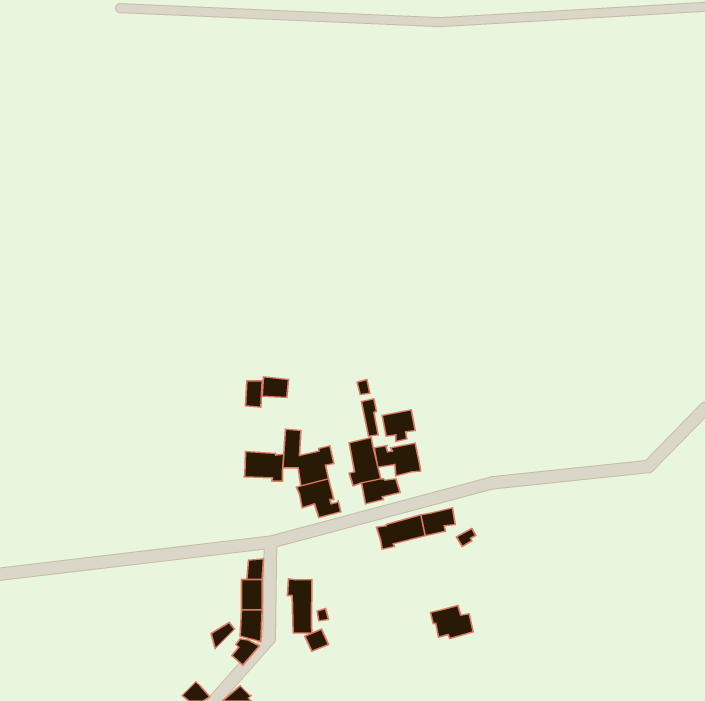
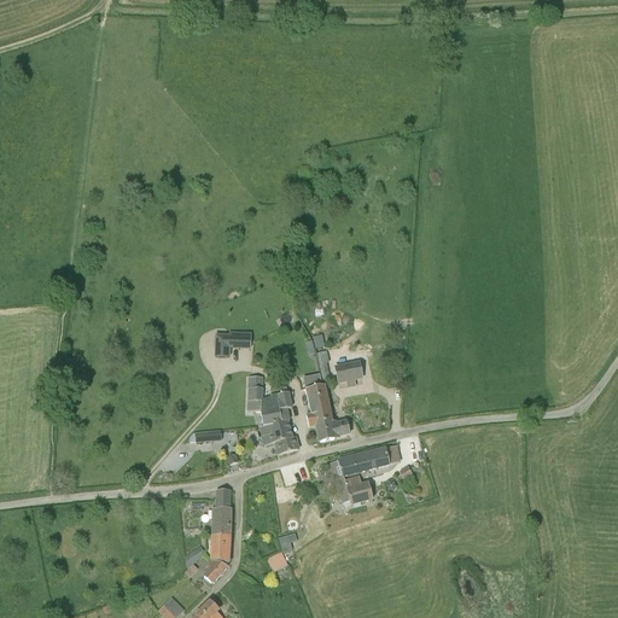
building: [374,443,420,476] -> none
building: [244,451,284,481] -> none
building: [288,579,312,633] -> none
building: [430,605,473,639] -> [334,474,372,503]

